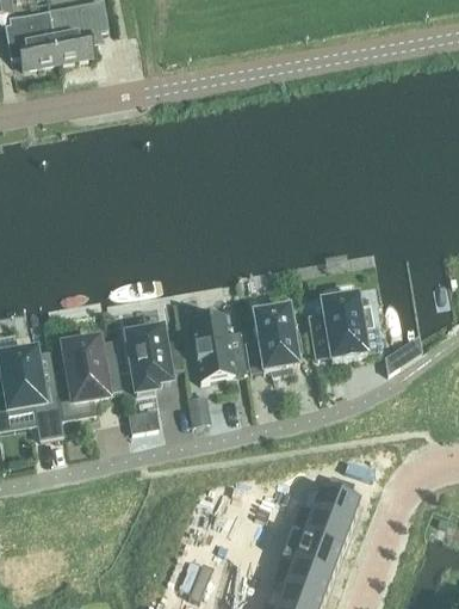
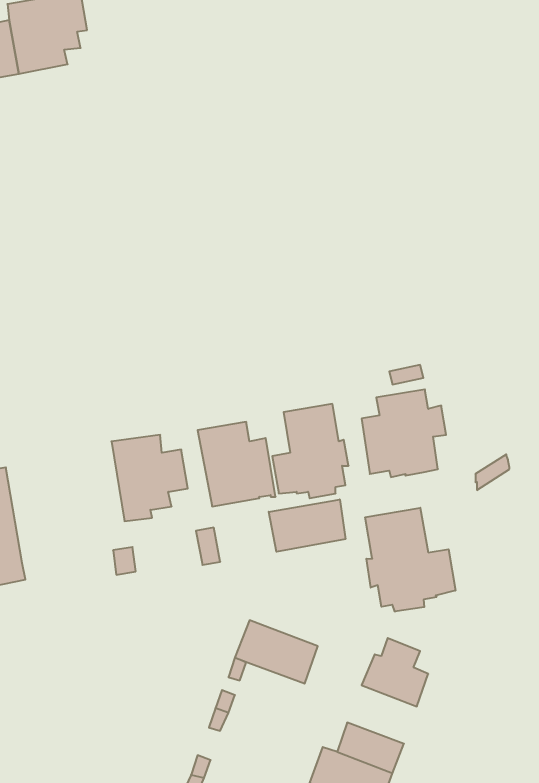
building: [63,337,119,401] -> none
building: none -> [269,499,345,552]
building: none -> [365,508,455,612]
building: [290,506,351,553] -> [235,620,318,684]

